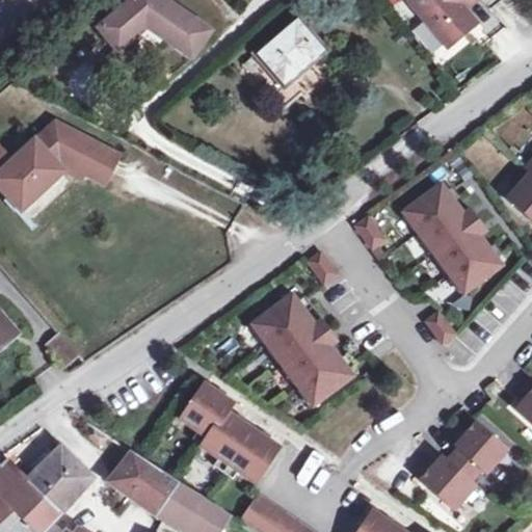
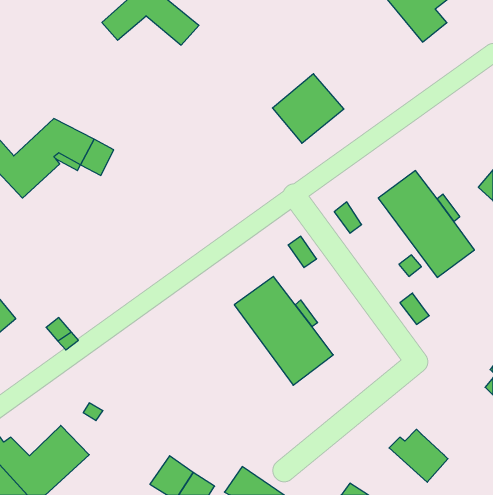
building: [254,15,329,88] -> [272,74,344,143]
building: [181,382,277,480] -> none
building: [447,422,507,482] -> none
building: [118,454,180,513] -> none

